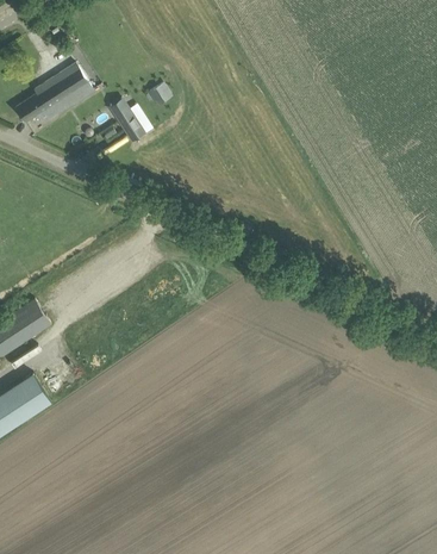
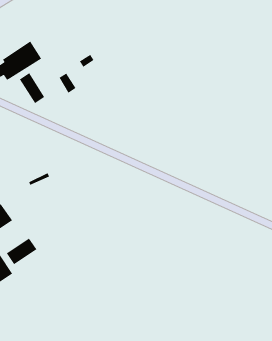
building: none -> [19,72,45,104]
building: none -> [6,238,38,265]

